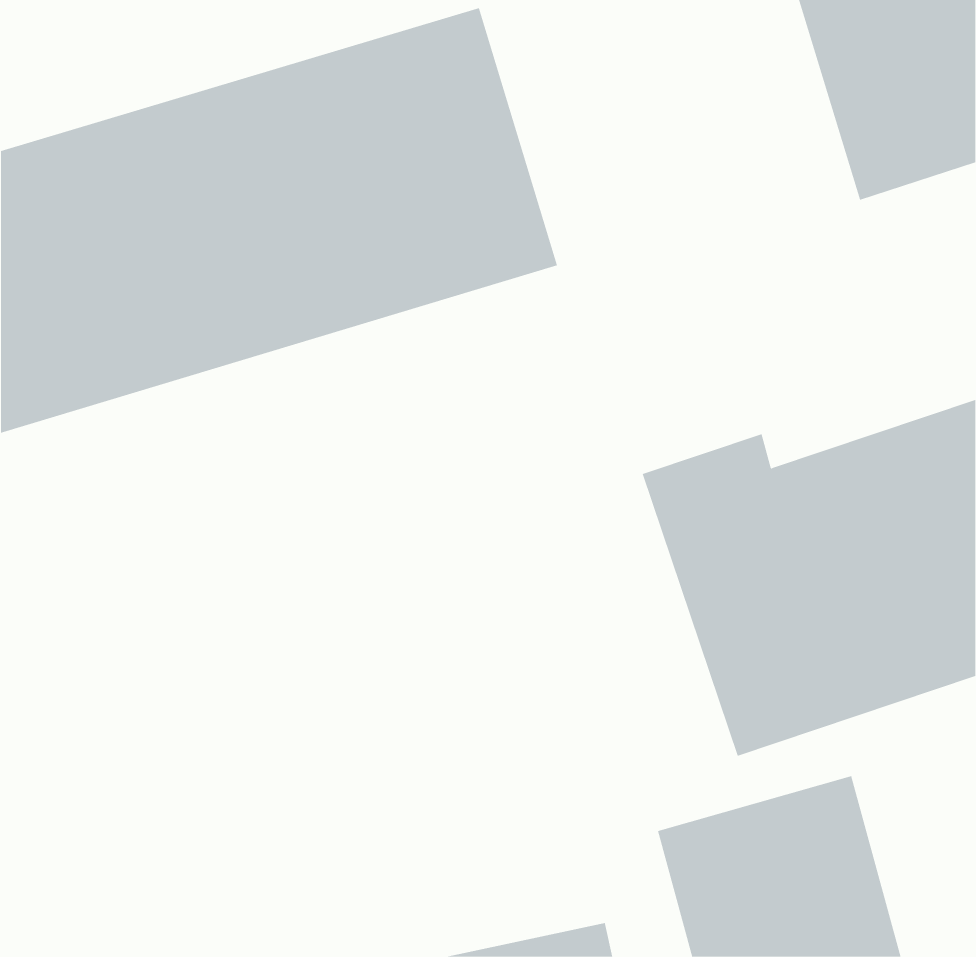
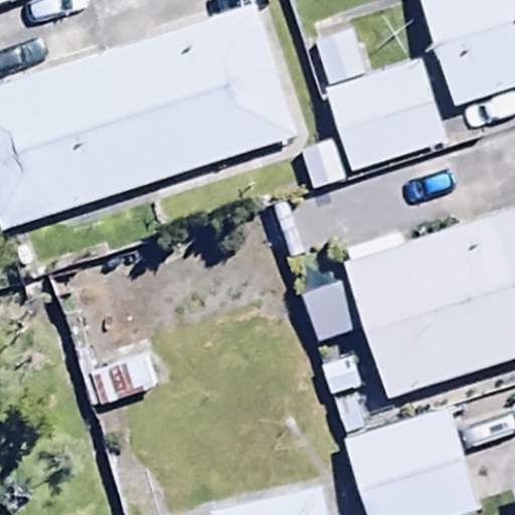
building: none -> [314,27,445,176]

